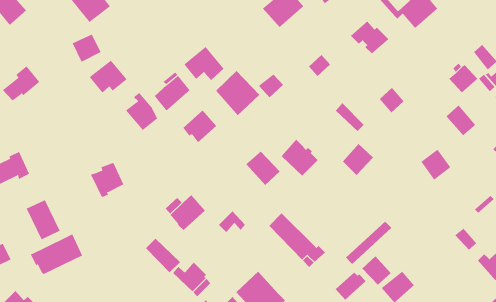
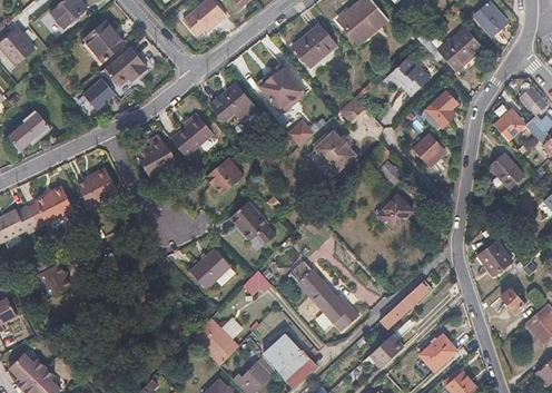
building: none -> [426,89,462,128]
building: [89,60,128,93] -> [106,47,148,83]
building: [215,70,260,116] -> [259,62,308,112]
building: none -> [36,186,75,225]
building: [281,139,319,177] -> [315,131,356,173]
building: [421,149,451,180] -> [477,242,511,276]
building: [246,151,280,186] -> [230,204,268,242]
building: [90,162,124,198] -> [79,173,116,212]
building: [30,234,83,275] -> none
building: [145,238,181,273] -> none
building: [362,256,391,285] -> none

